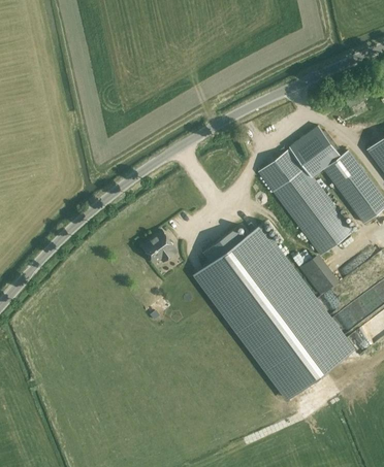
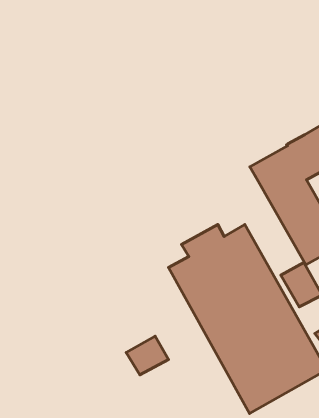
building: [142,231,177,263] -> none
building: none -> [126,336,168,375]

